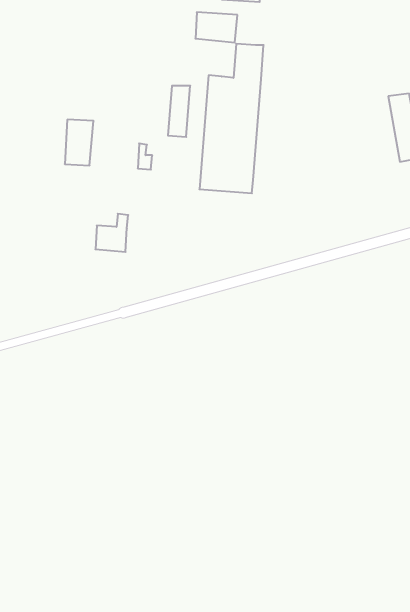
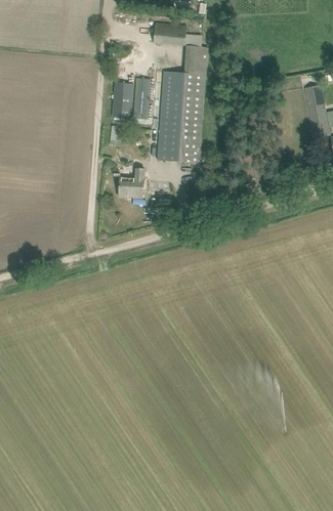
building: [65,120,94,165] -> [111,82,133,118]
building: [95,214,128,252] -> [119,168,144,198]

